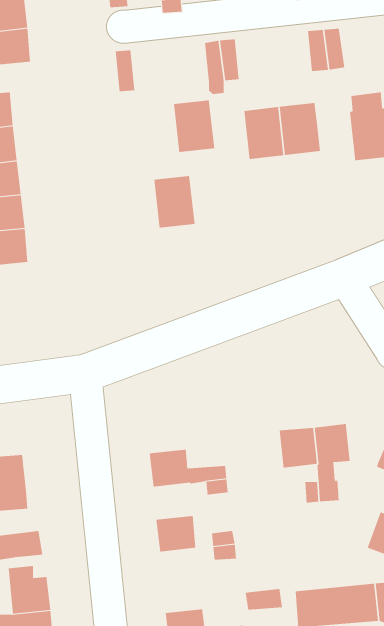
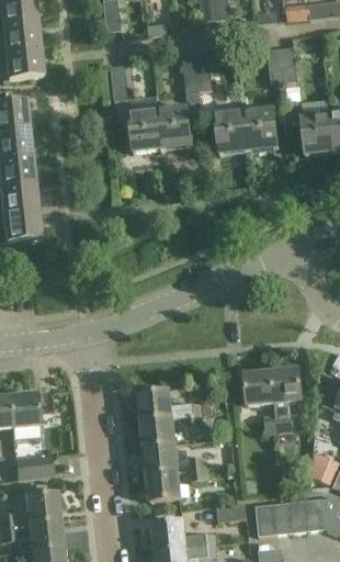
building: [153,175,195,228] -> [128,110,162,153]
building: none -> [141,417,174,447]
building: none -> [147,470,180,502]

